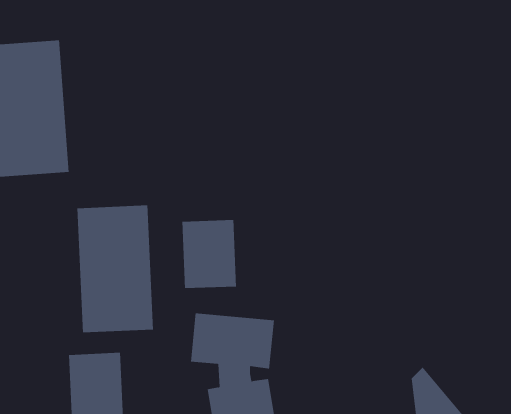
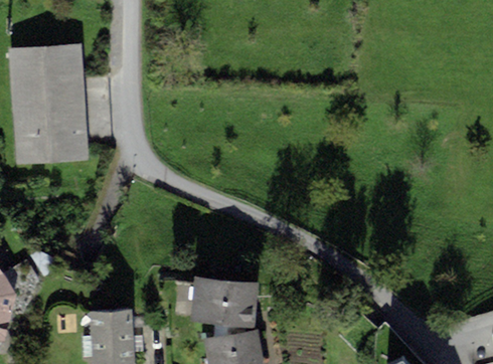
building: [77,205,153,333] -> none
building: [182,219,236,289] -> none

